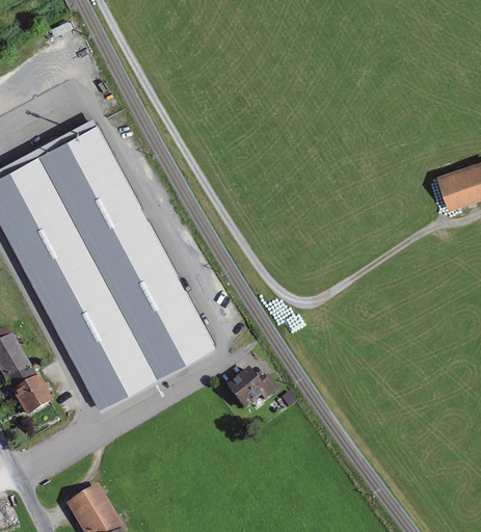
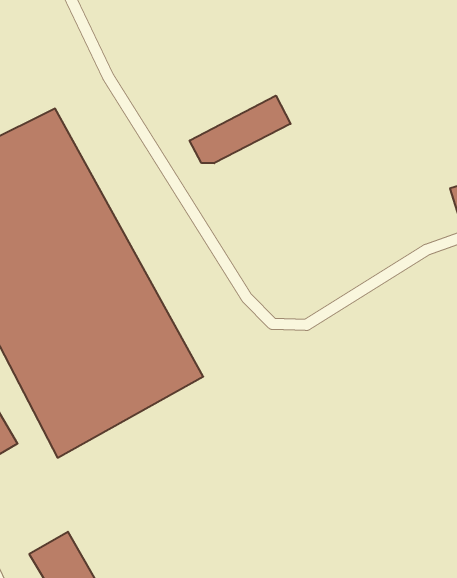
building: none -> [190,96,291,163]
building: [224,367,271,414] -> none

